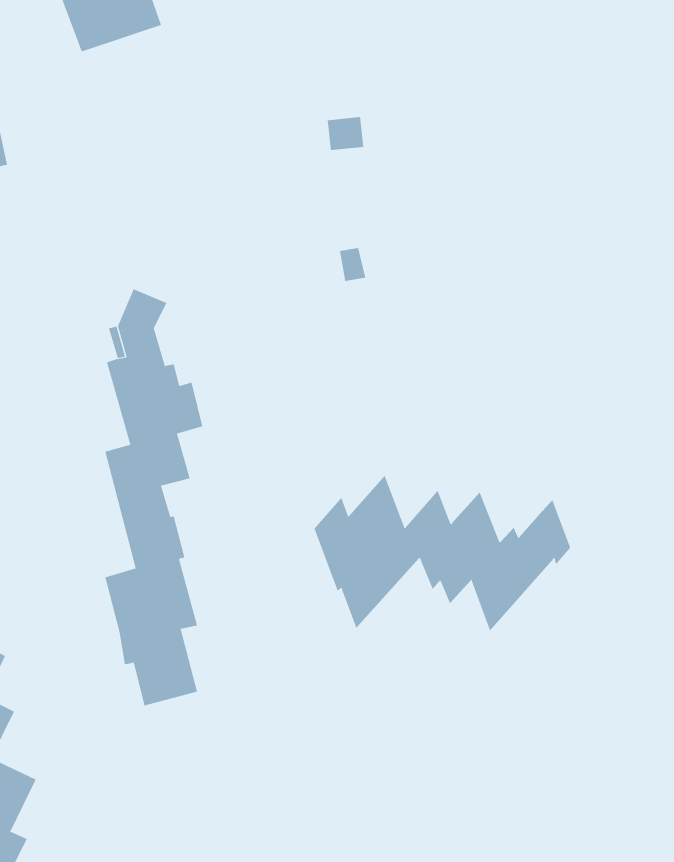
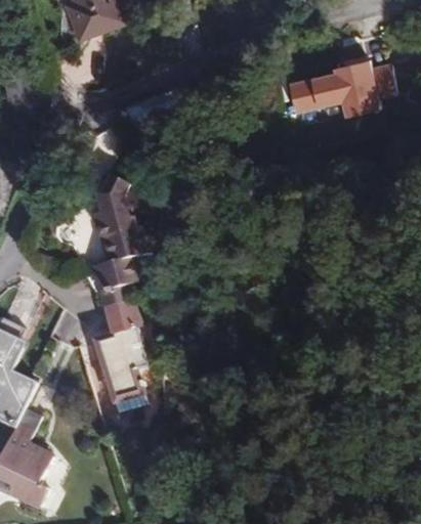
building: none -> [292,55,395,112]
building: [314,475,571,631] -> none

